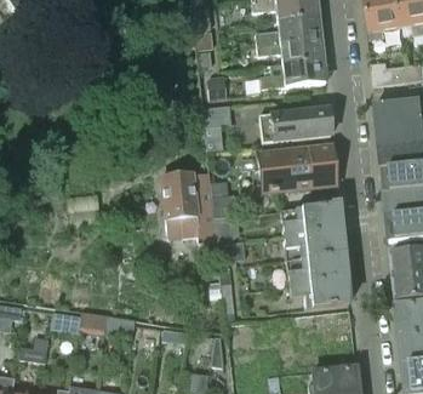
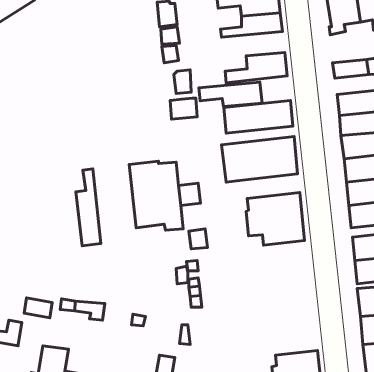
building: [256,35,321,61] -> [199,82,262,107]
building: none -> [76,169,101,246]
building: [287,252,348,308] -> none

